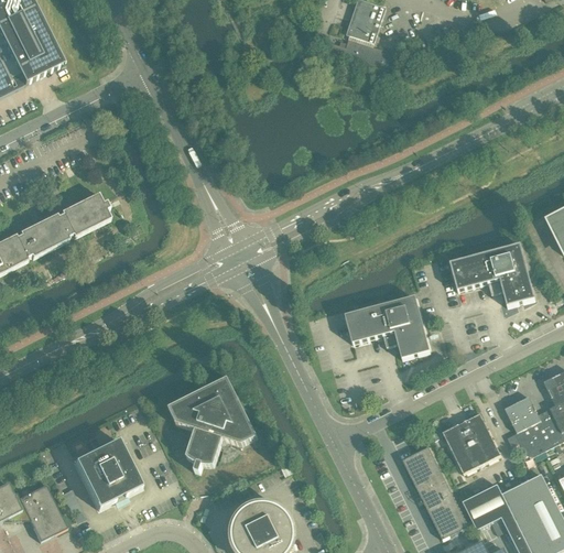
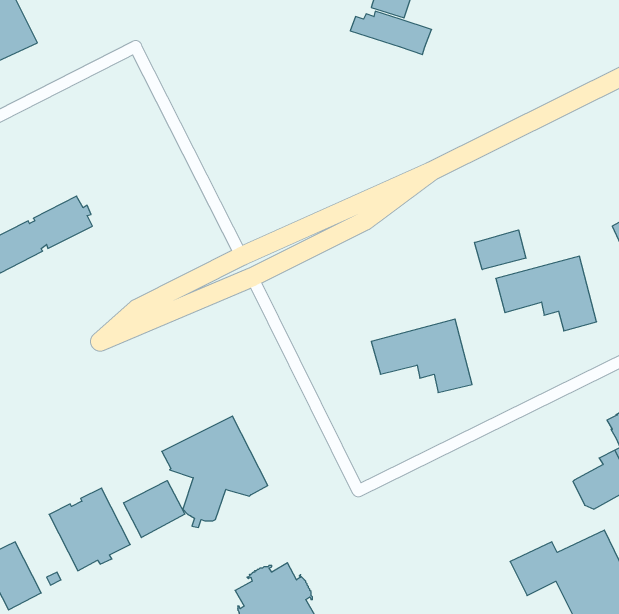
building: none -> [475,230,526,270]
building: [503,394,539,431] -> none
building: [442,412,499,471] -> none
building: none -> [124,481,185,538]
building: [401,445,467,538] -> none

